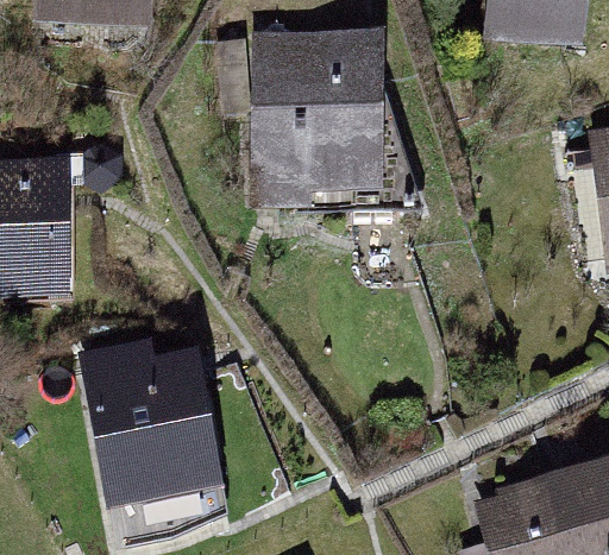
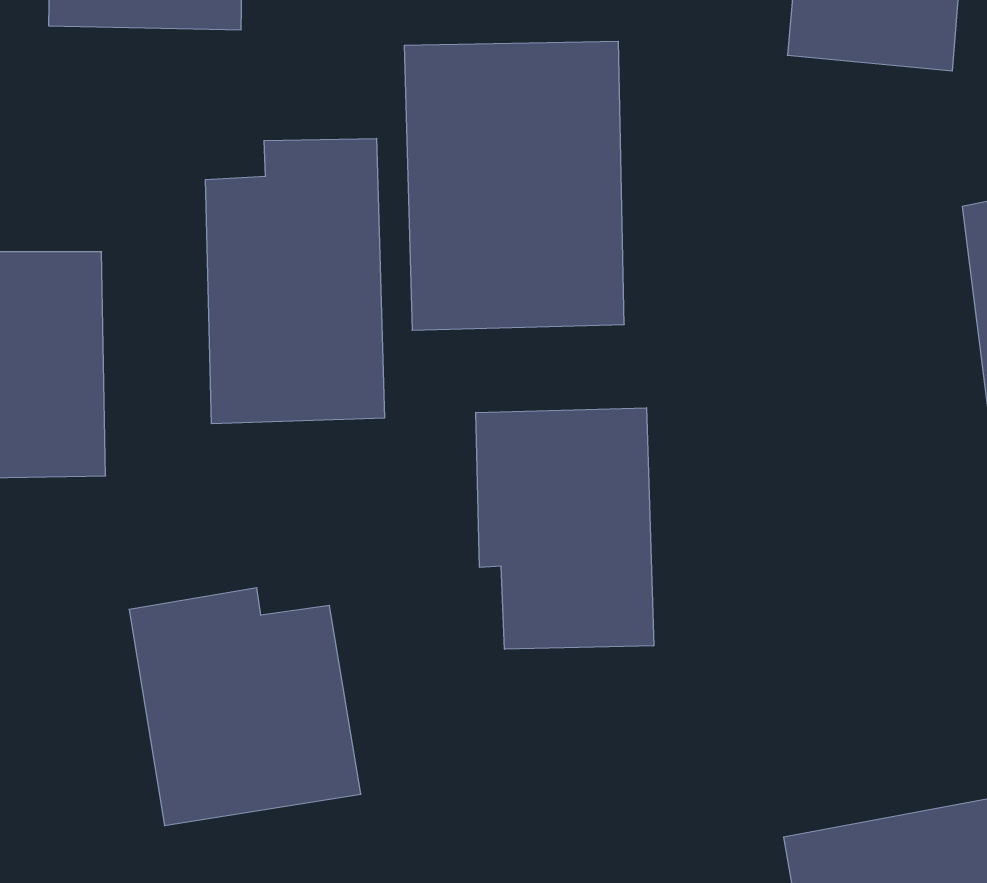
building: none -> [205,138,384,424]
building: none -> [476,408,654,649]

